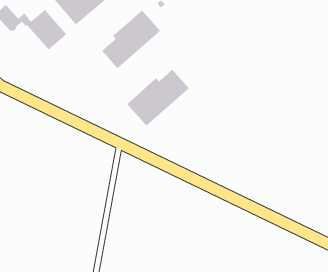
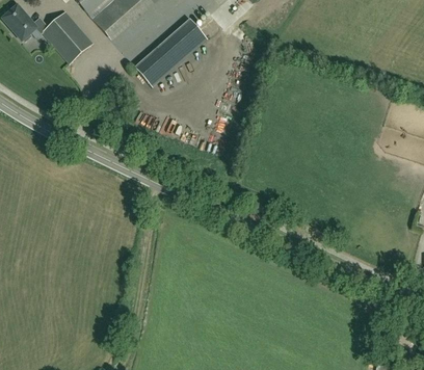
building: [127,69,190,127] -> none

